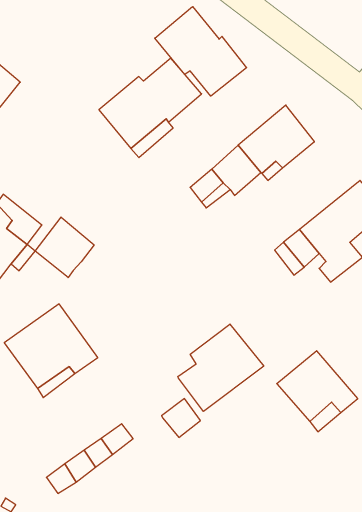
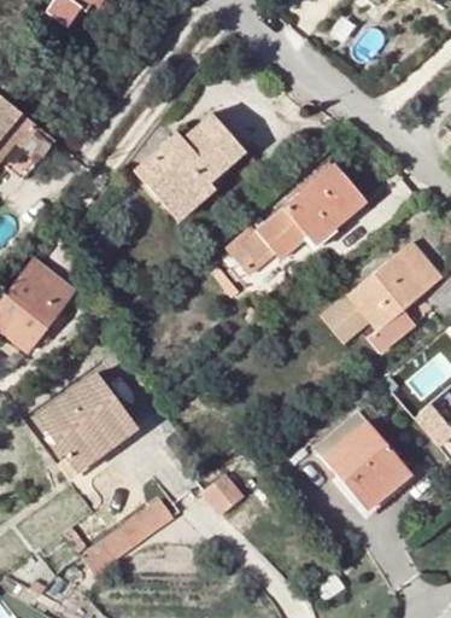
building: [155,7,247,96] -> none
building: [35,217,94,278] -> none
building: [178,324,264,411] -> none

